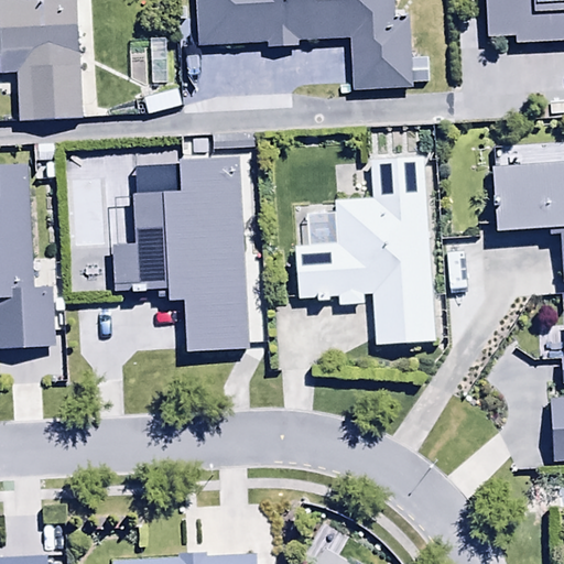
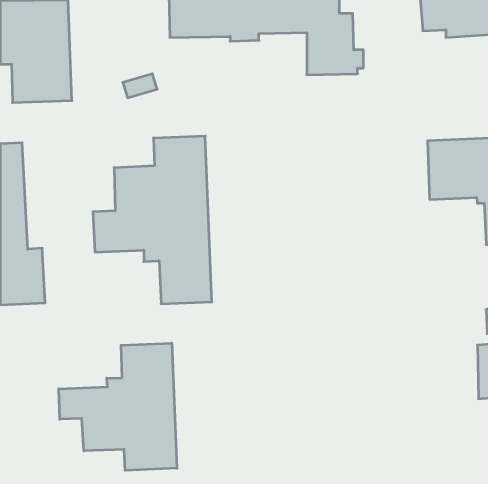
building: [295,155,437,346] -> none
building: none -> [59,343,177,470]

